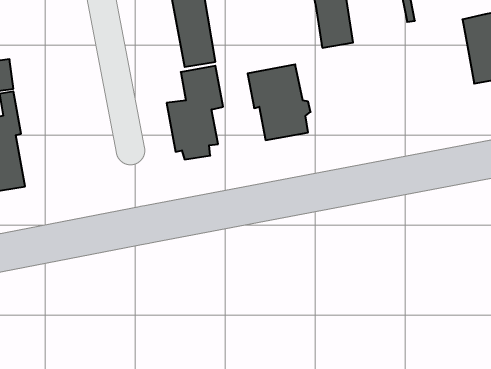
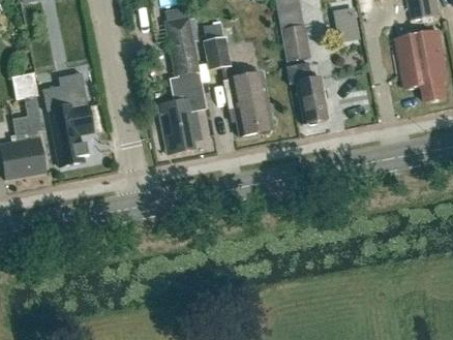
building: none -> [203,34,232,68]
building: none -> [285,61,328,122]
building: none -> [41,84,92,164]

